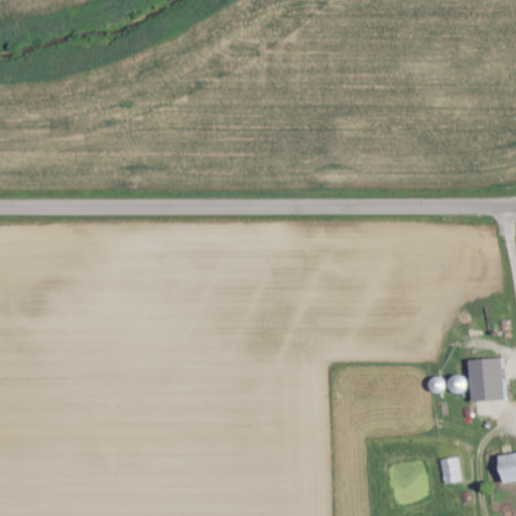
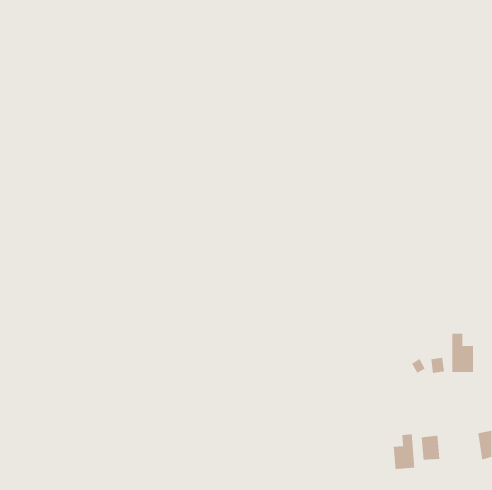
building: none -> [393,434,415,470]

